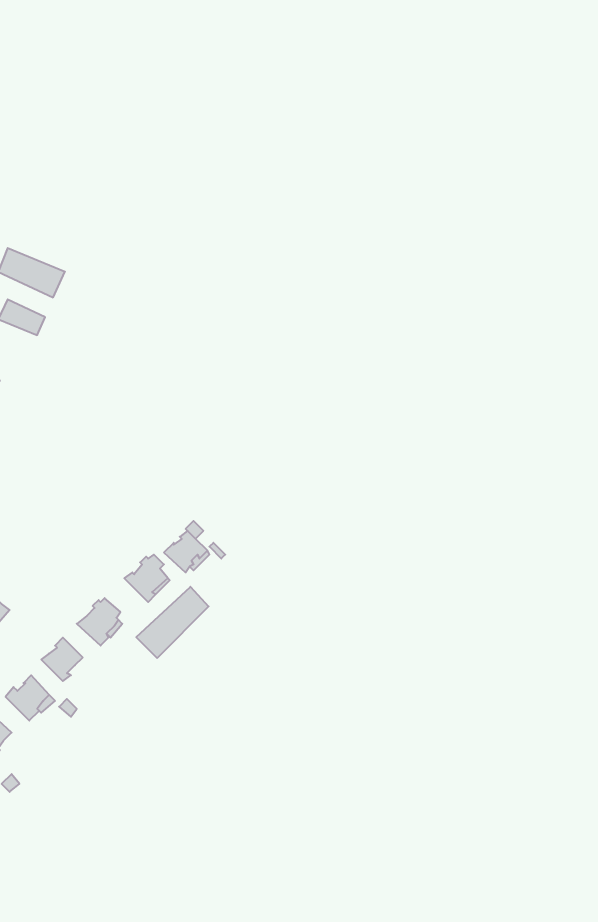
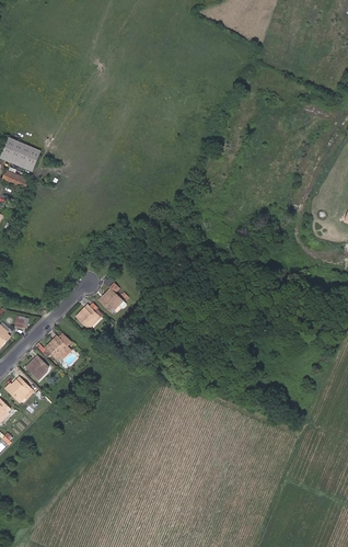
building: [136,587,209,658] -> none

